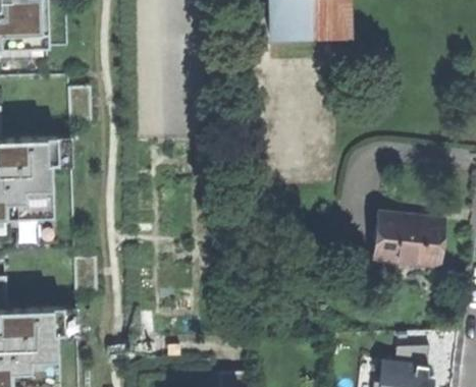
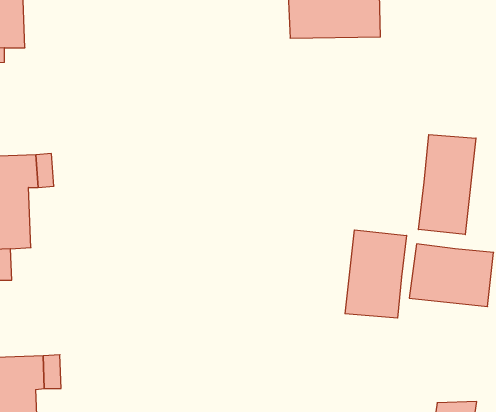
building: none -> [418,135,476,235]
building: none -> [345,230,407,318]

